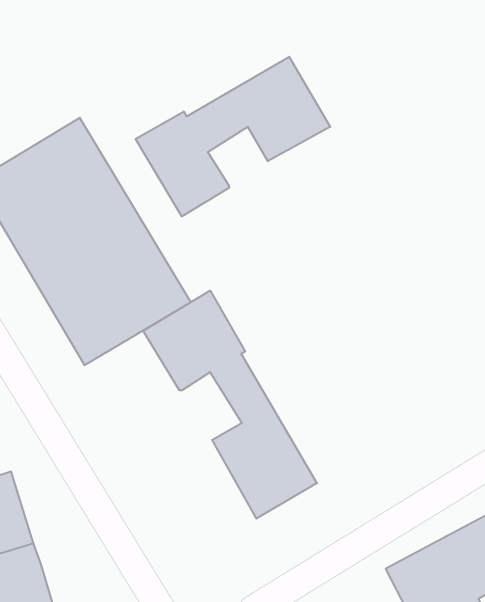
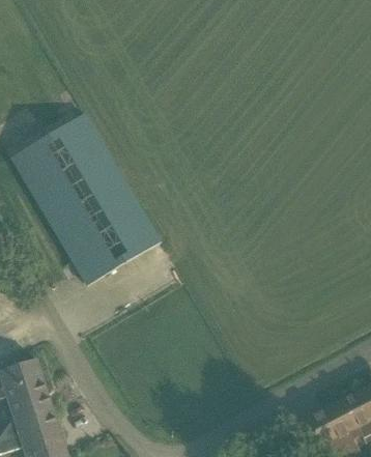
building: [135,57,330,217] -> none
building: [143,291,317,519] -> none

